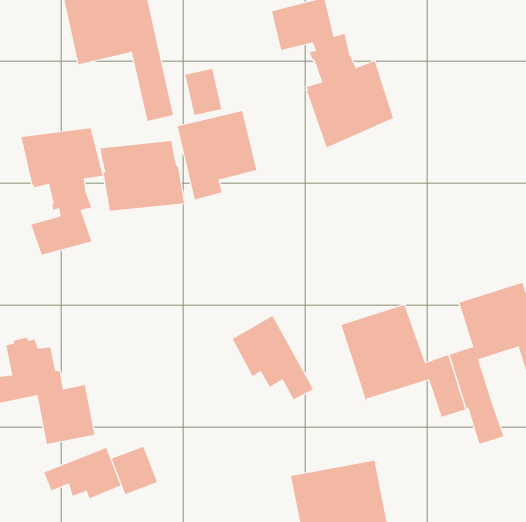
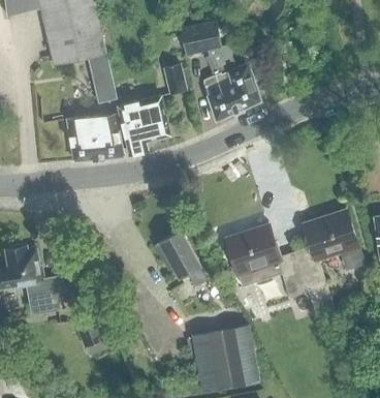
building: [184,68,222,116] -> [162,63,187,94]
building: [21,128,103,255] -> none
building: [43,447,121,499] -> none

